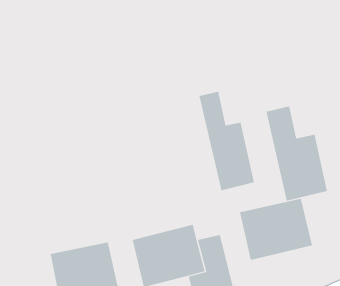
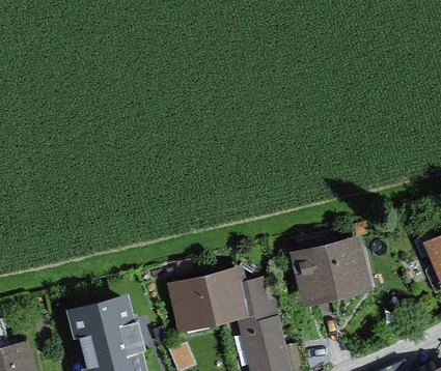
building: [199,91,255,191] -> none
building: [266,106,328,202] -> none

